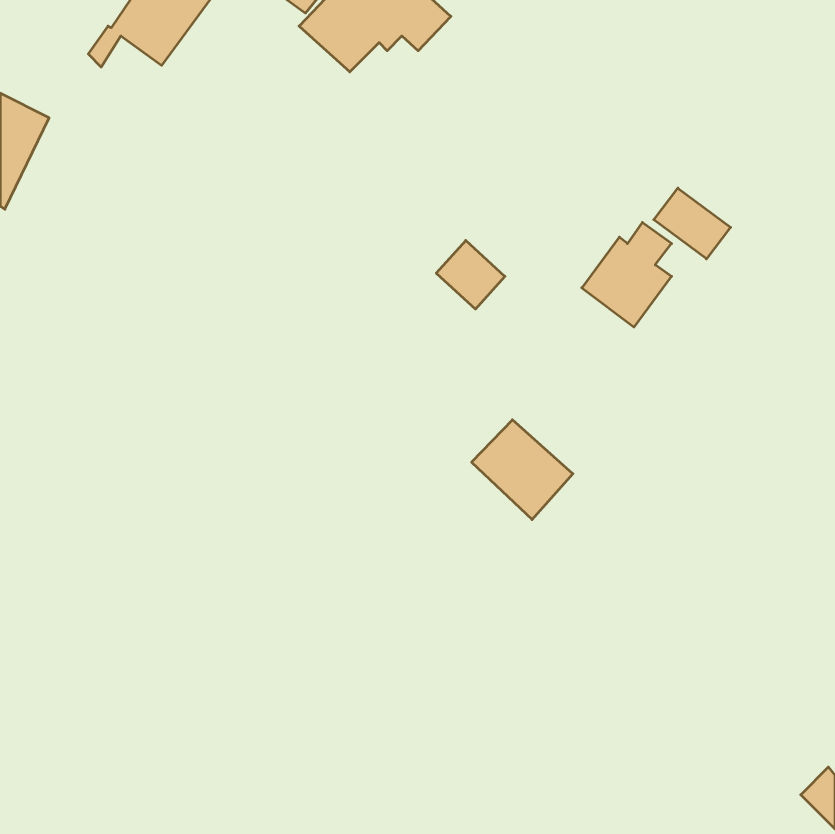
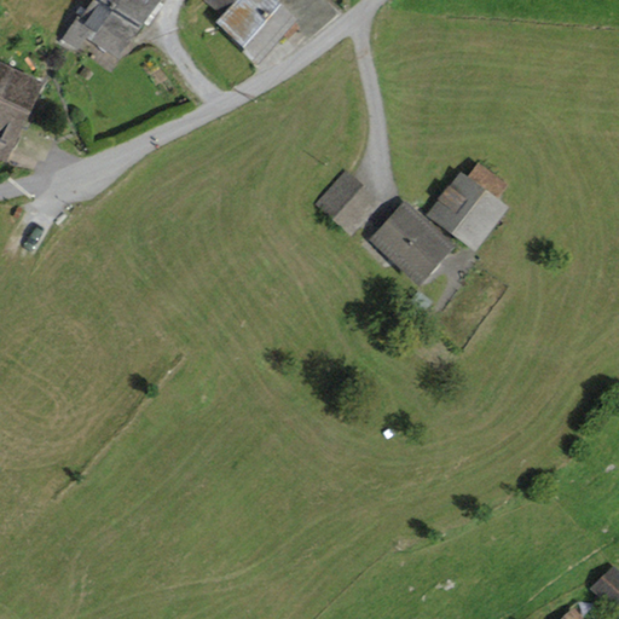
building: [654,188,731,259] -> none
building: [472,420,573,520] -> [374,207,449,280]

